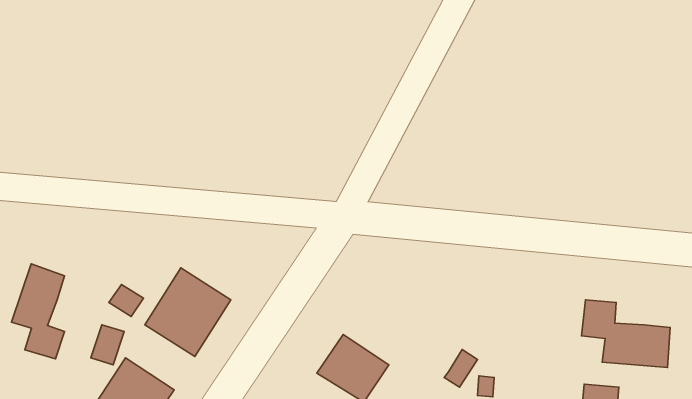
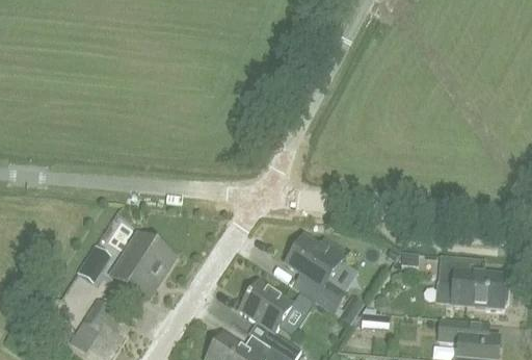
building: [12,264,65,359] -> none
building: none -> [288,237,346,309]

